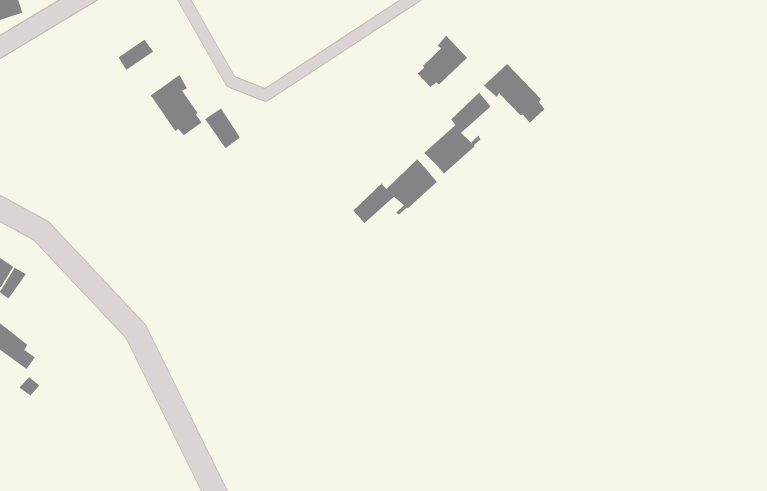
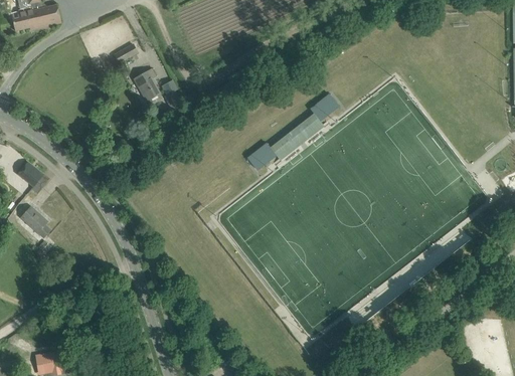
building: [417,35,468,88] -> none
building: [483,63,545,123] -> none

